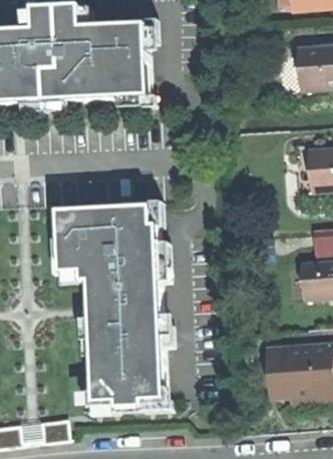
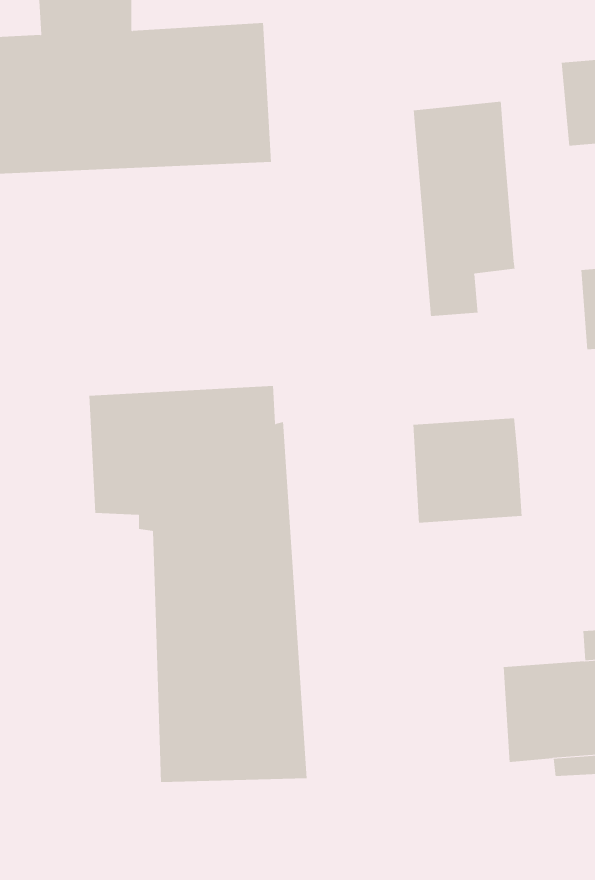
building: none -> [413,101,515,317]
building: none -> [413,418,522,523]

